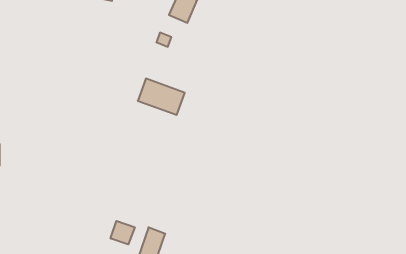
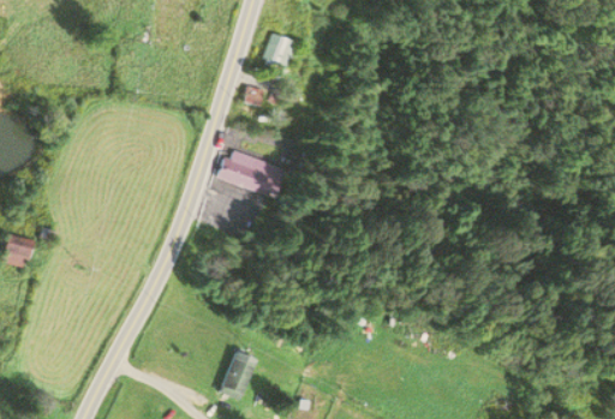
building: [111,221,135,244] -> none

